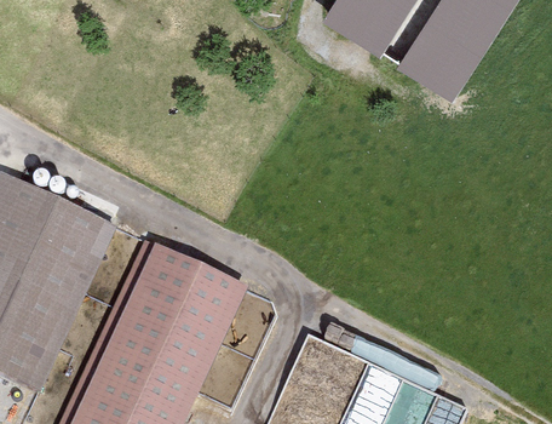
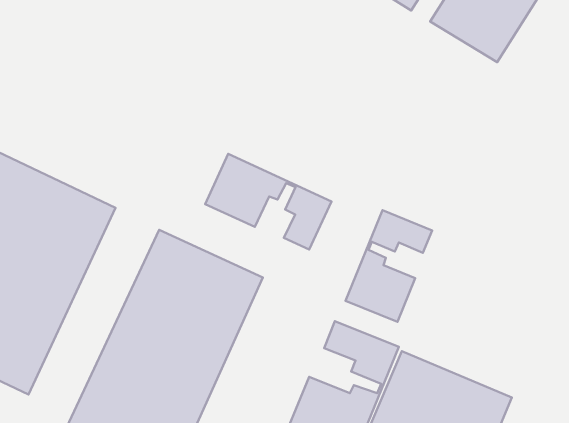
building: none -> [205,154,332,250]
building: none -> [346,210,432,322]

